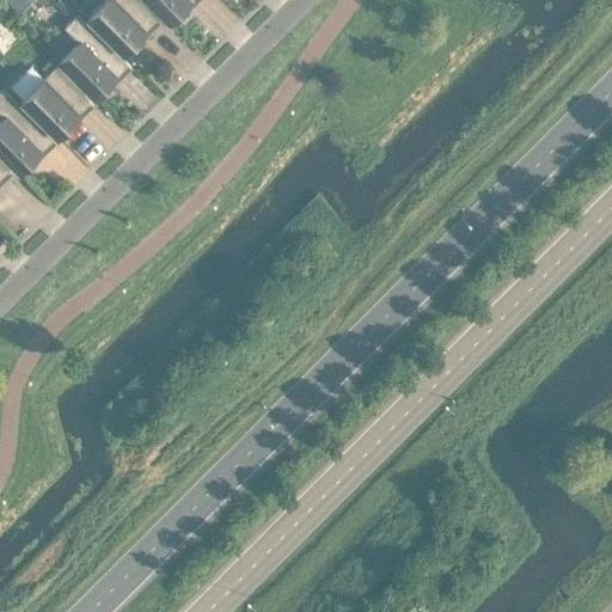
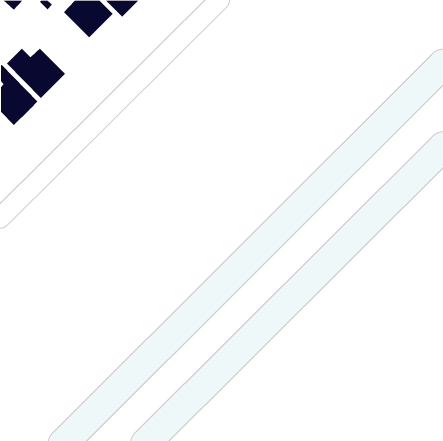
building: [59,17,128,103] -> none

